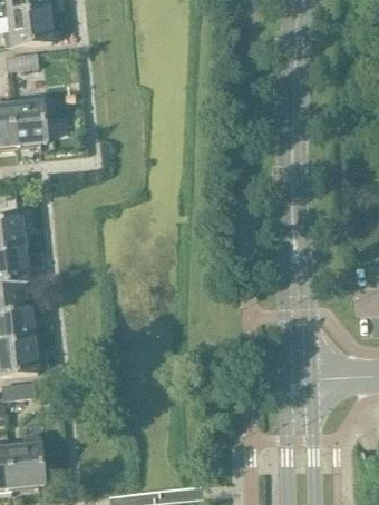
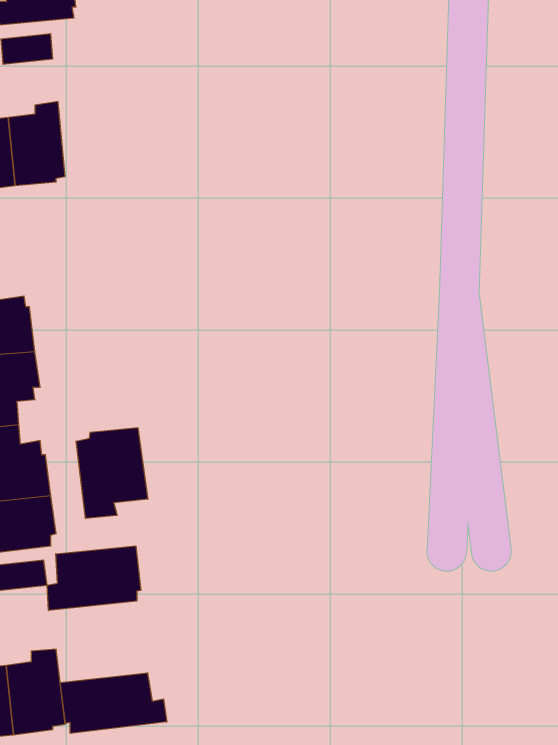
building: none -> [76,428,148,519]
building: none -> [47,546,141,611]
building: none -> [60,673,167,733]

